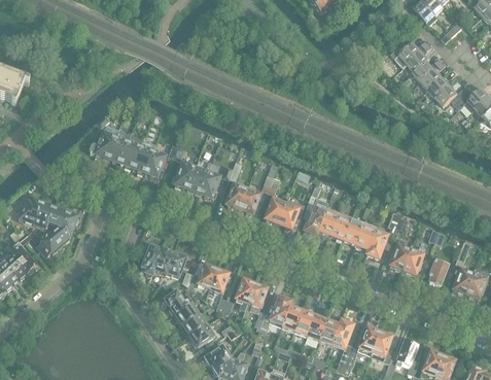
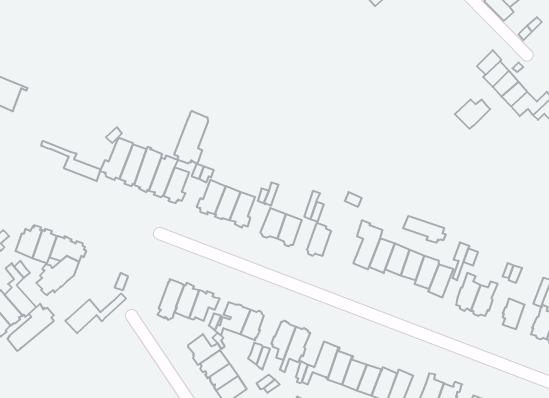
building: [391,42,421,67] -> [455,99,490,129]
building: none -> [174,111,208,164]
building: none -> [41,141,101,181]
building: none -> [403,216,446,243]
building: [278,199,306,230] -> none
building: none -> [65,294,126,333]
building: none -> [8,304,54,351]

